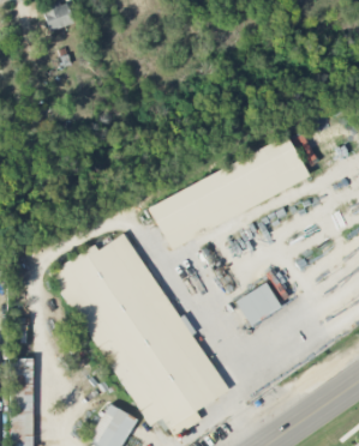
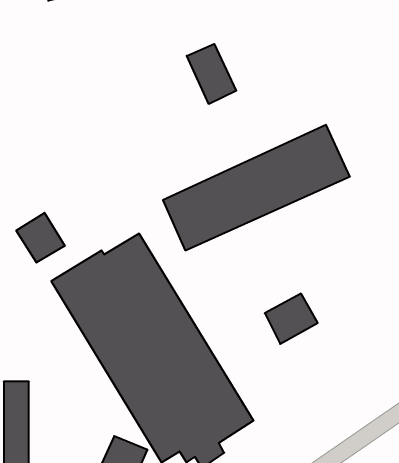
building: none -> [187,44,236,104]
building: none -> [16,213,65,263]

